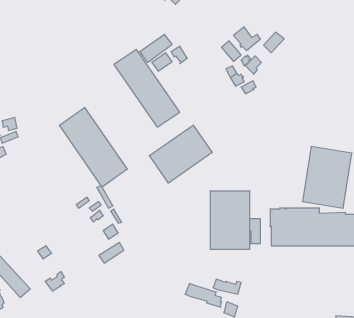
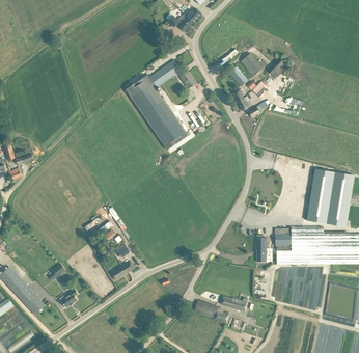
building: [60,107,127,187] -> none
building: [149,125,212,183] -> none
building: [210,191,250,249] -> none

